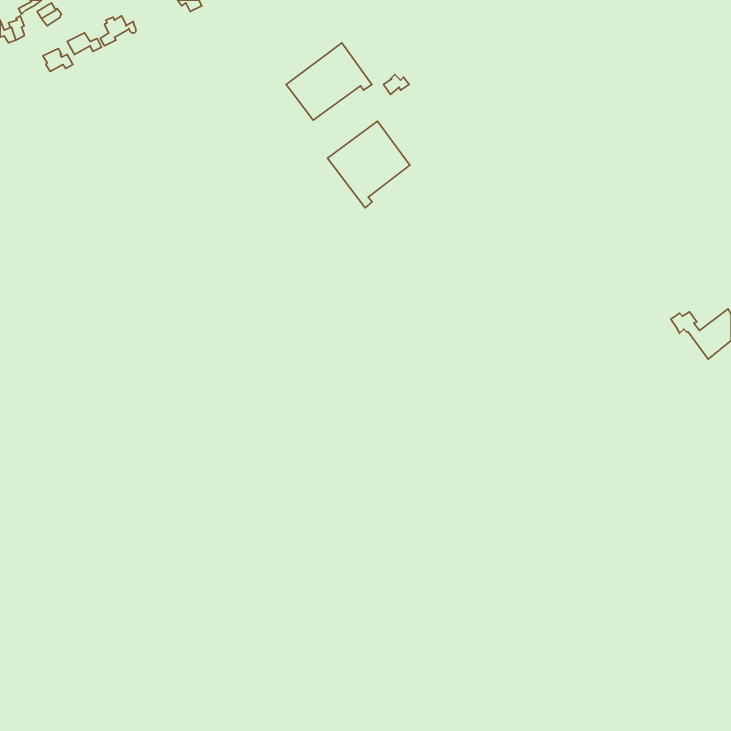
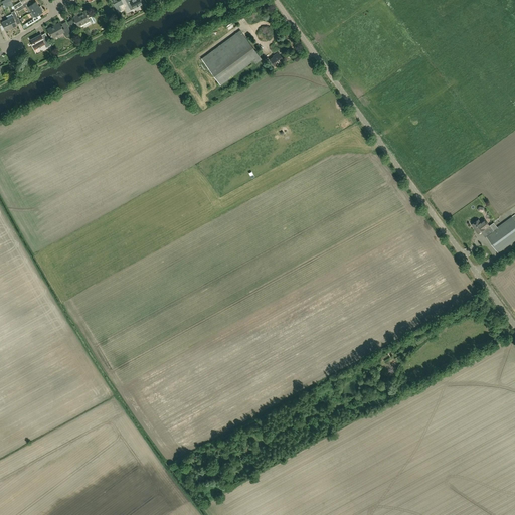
building: [327,121,410,208] -> none

